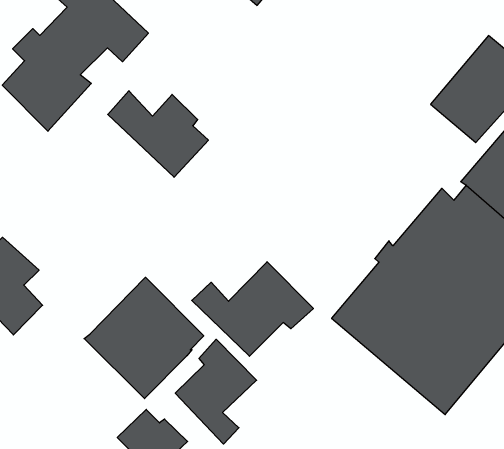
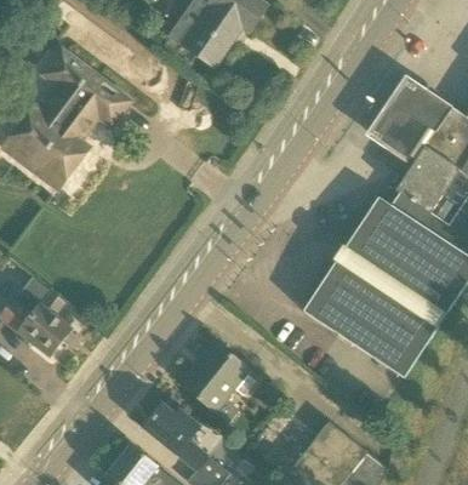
building: [108,91,208,177] -> none
building: [192,262,313,356] -> none
building: [84,277,204,399] -> none

